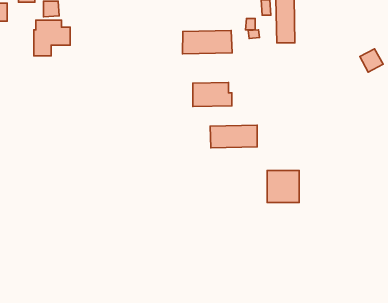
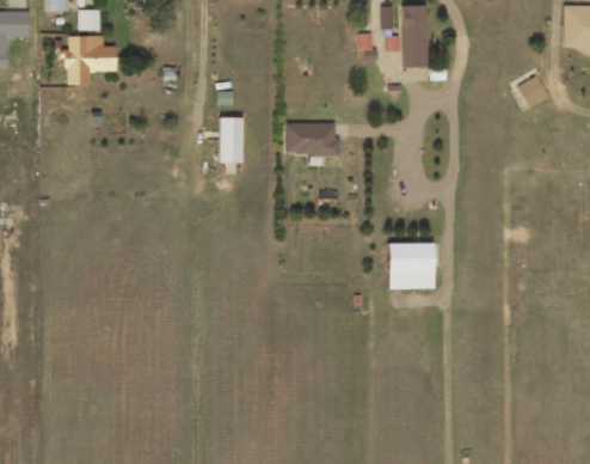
building: [183,31,232,54] -> none
building: none -> [220,117,244,163]
building: [210,125,257,148] -> none

